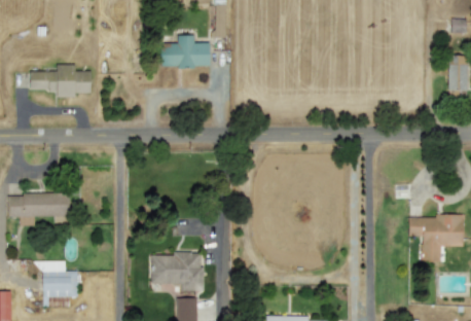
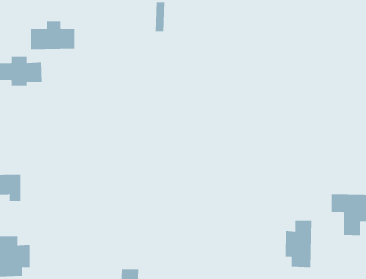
building: [160,35,210,67] -> [30,21,75,50]
building: none -> [285,220,312,268]
building: [150,252,204,290] -> none

